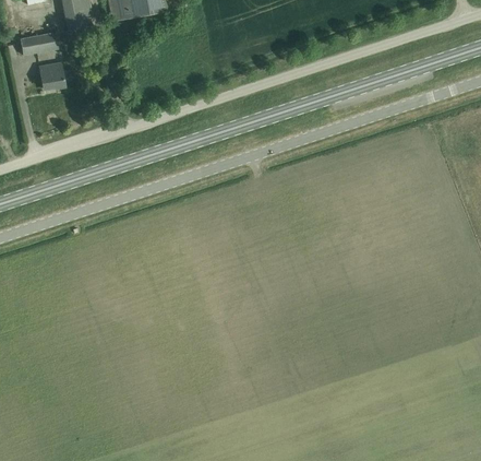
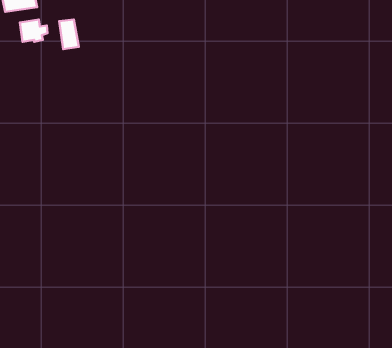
building: none -> [59,19,79,49]

